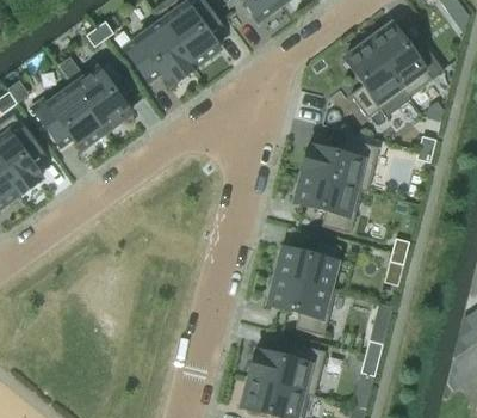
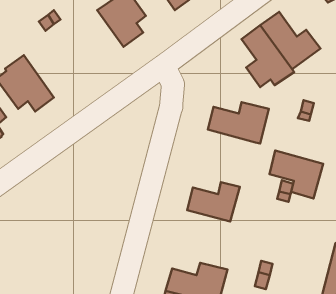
building: [125,21,196,86] -> none
building: [73,60,131,133] -> none
building: [295,173,363,234] -> [270,151,323,199]
building: [267,276,336,336] -> none

